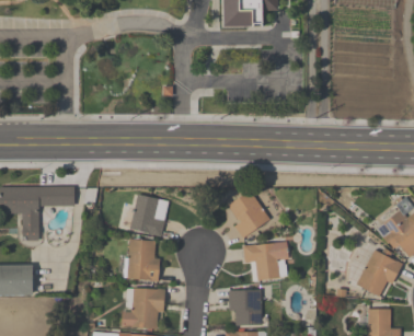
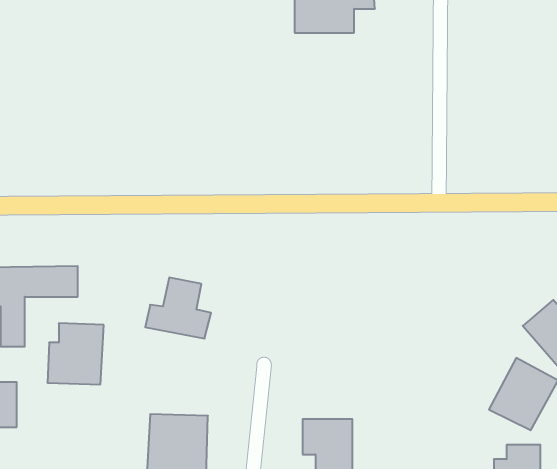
building: [225,189,272,237] -> none
building: [122,239,160,280] -> [47,323,104,384]
building: [243,241,290,280] -> none

